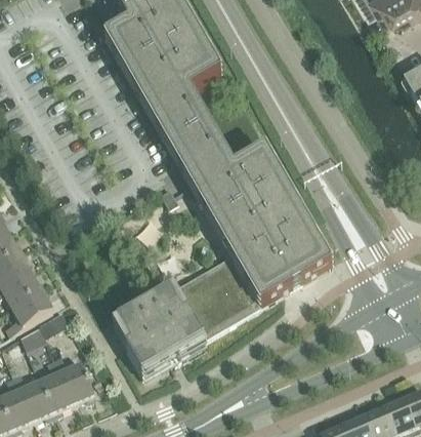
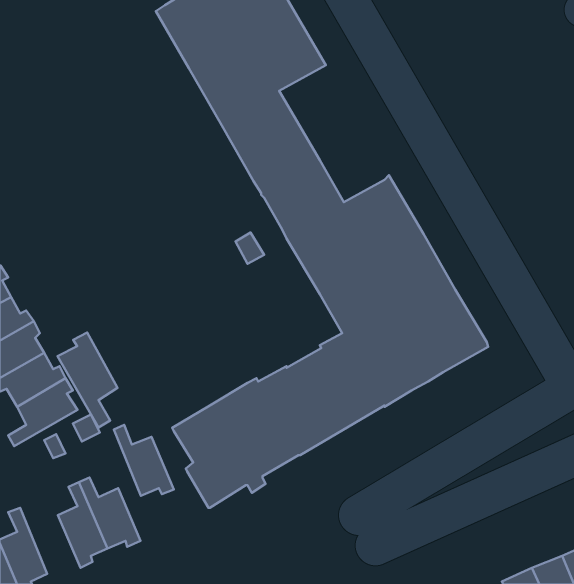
building: none -> [58,332,118,427]
building: [14,371,55,420] -> [114,425,174,496]

